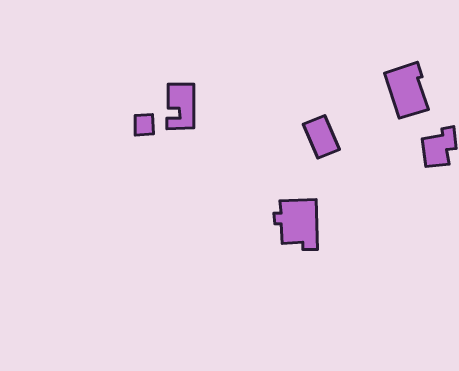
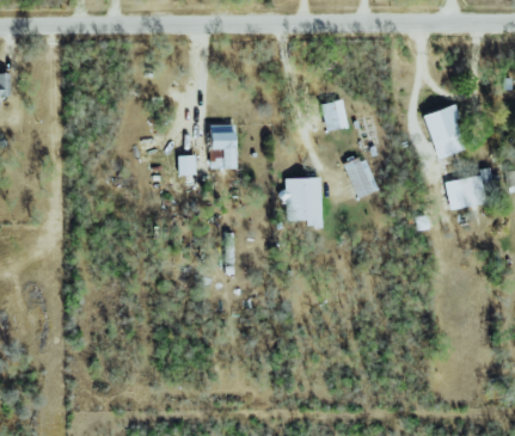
building: none -> [320,99,348,130]
building: [274,200,317,249] -> [278,177,321,226]

